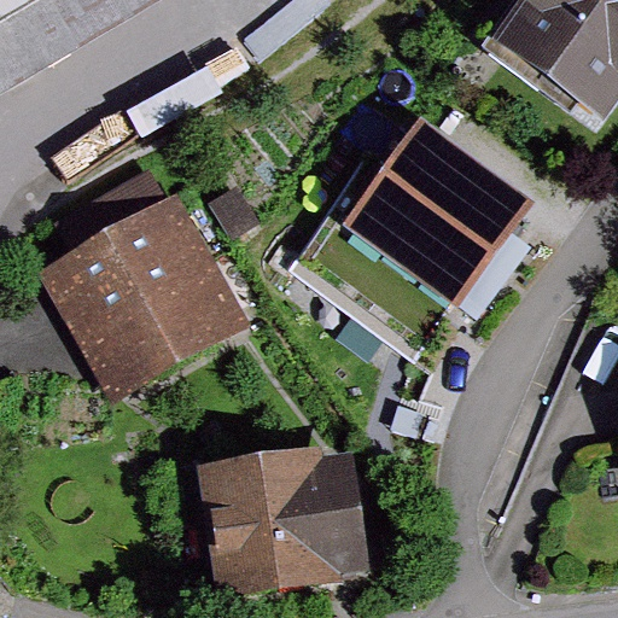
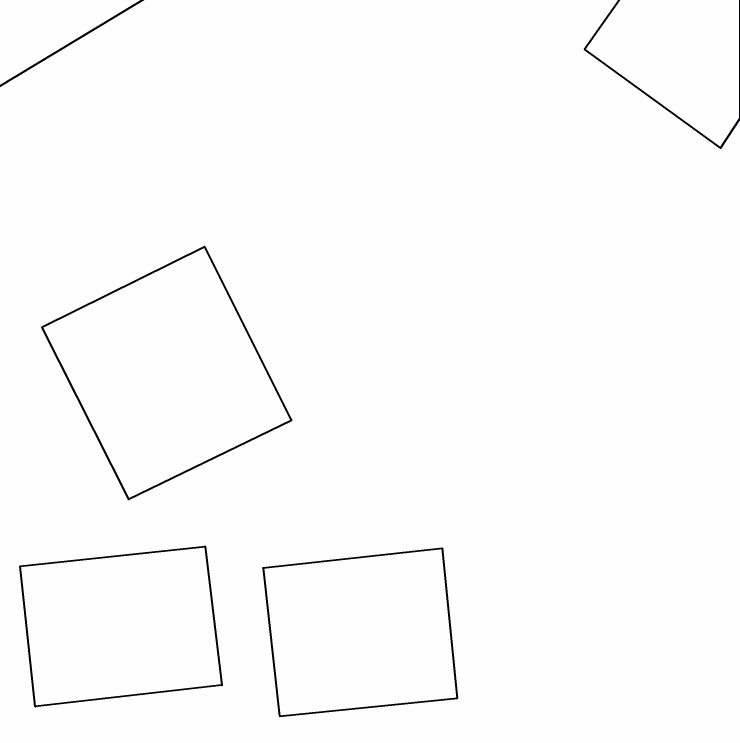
building: [348,113,542,304] -> none
building: none -> [20,546,222,707]

